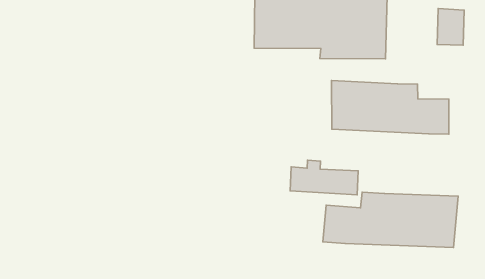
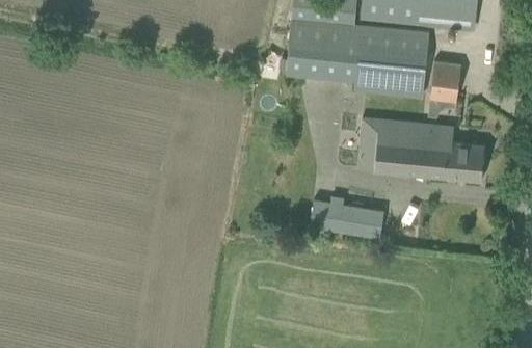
building: [437,8,464,45] -> [429,61,460,102]
building: [323,192,458,247] -> none

